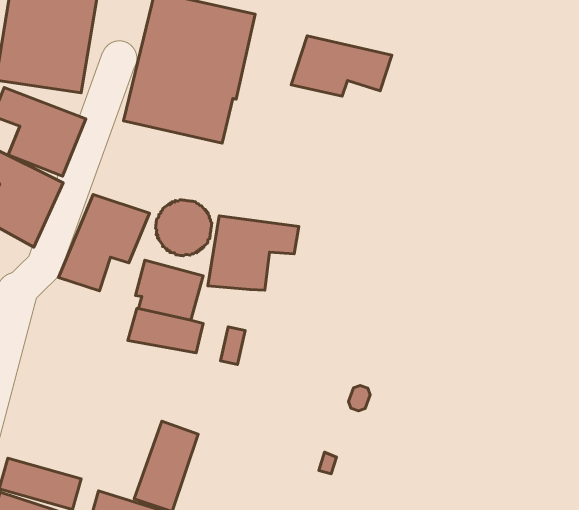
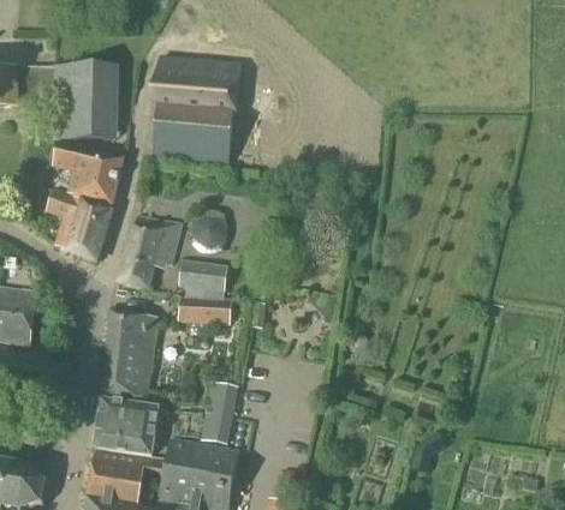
building: [291,36,392,96] -> none
building: [208,216,299,290] -> none
building: none -> [101,311,156,396]
building: none -> [97,398,159,431]

